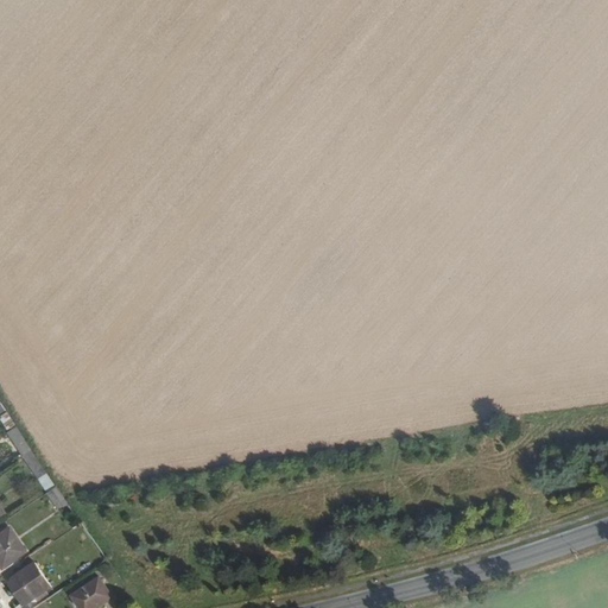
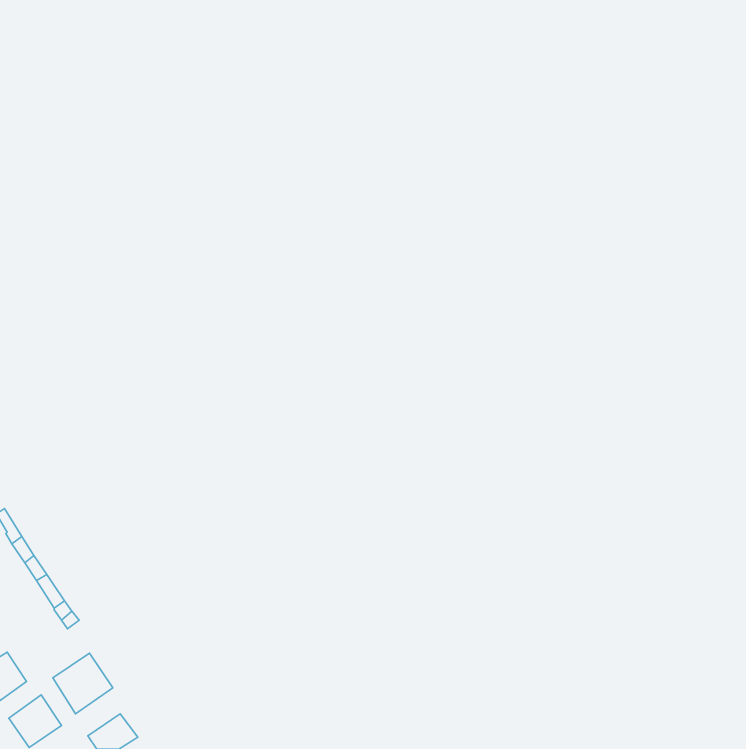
building: none -> [53,653,113,714]

